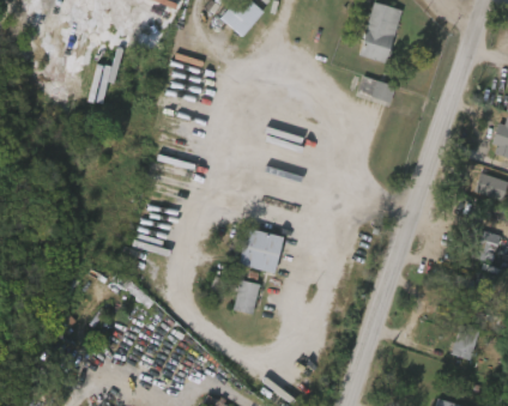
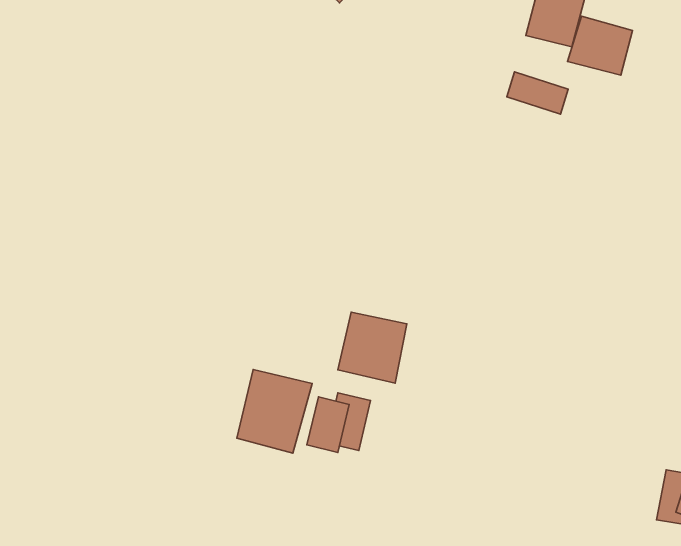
building: none -> [568,16,632,75]
building: none -> [237,369,312,453]

